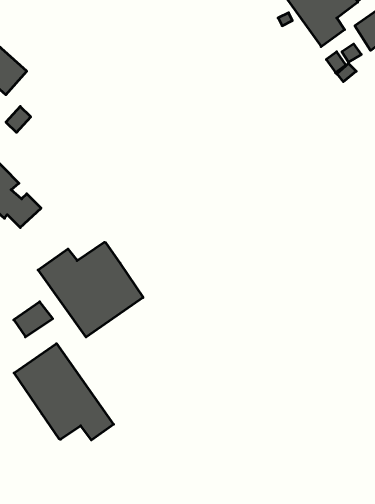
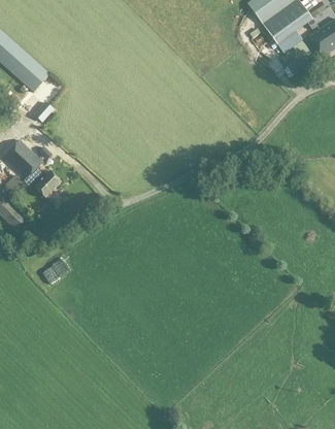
building: [38,242,143,337] -> none
building: [14,344,114,440] -> none

